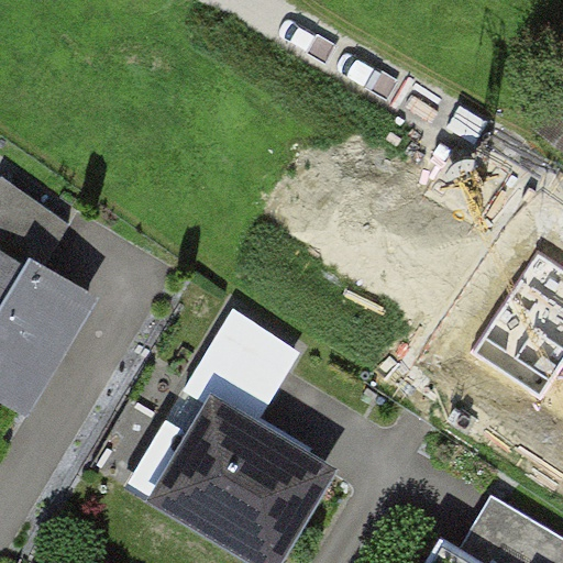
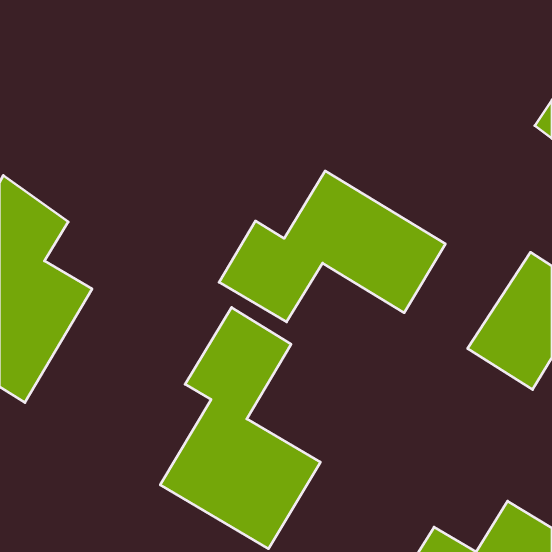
building: none -> [219,171,445,322]

